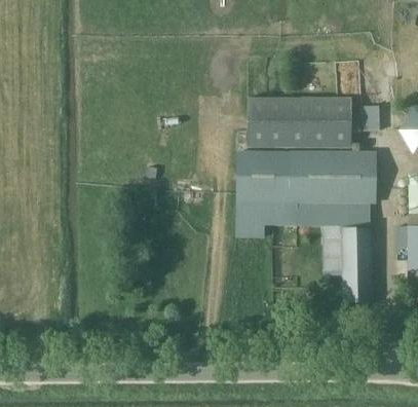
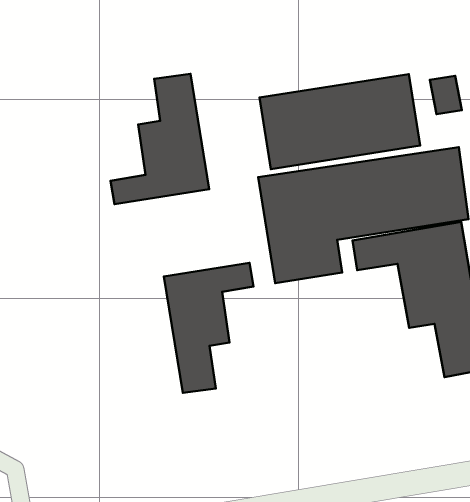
building: none -> [110,74,209,204]
building: none -> [164,263,254,393]

